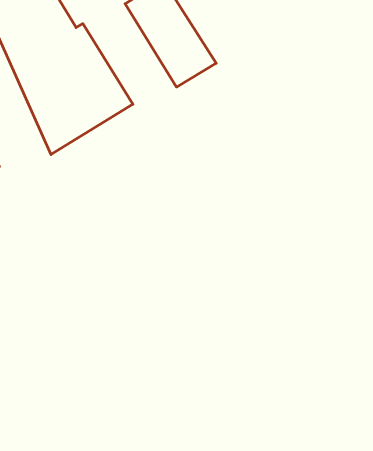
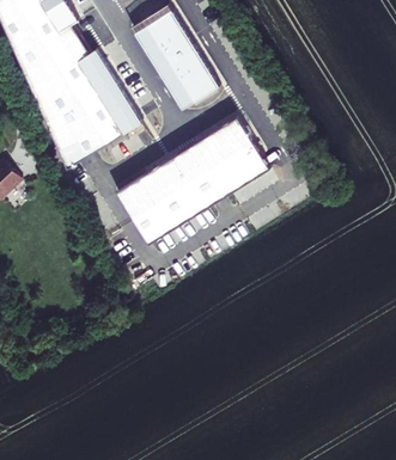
building: none -> [116,117,268,243]

